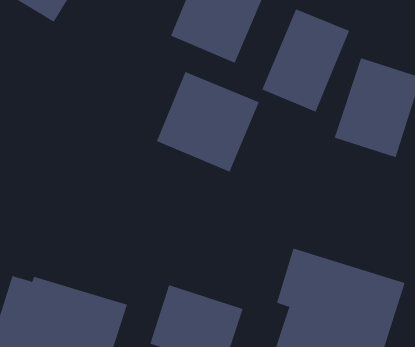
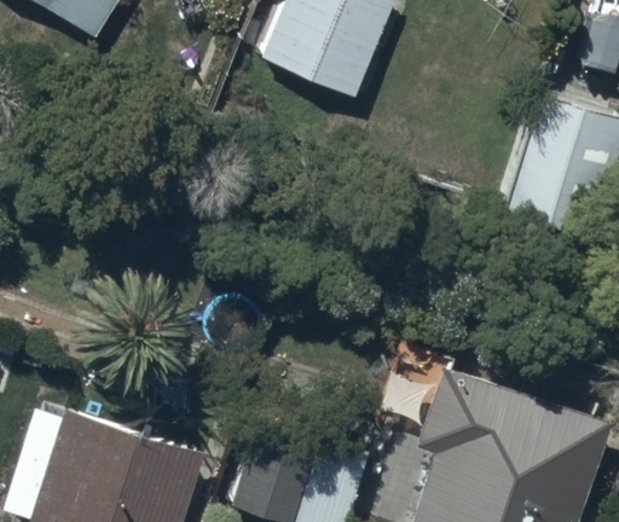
building: [261,8,350,113] -> none
building: [156,71,259,172] -> none

